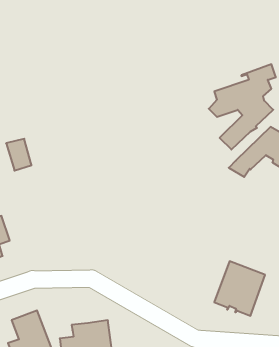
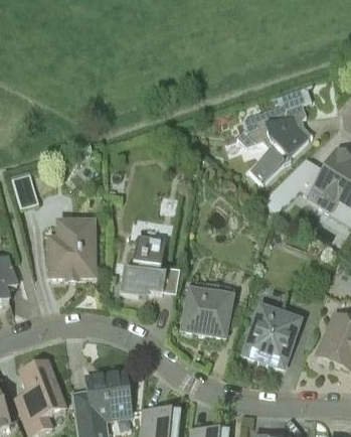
building: none -> [48,221,95,280]
building: none -> [120,235,167,294]
building: none -> [180,282,235,337]

